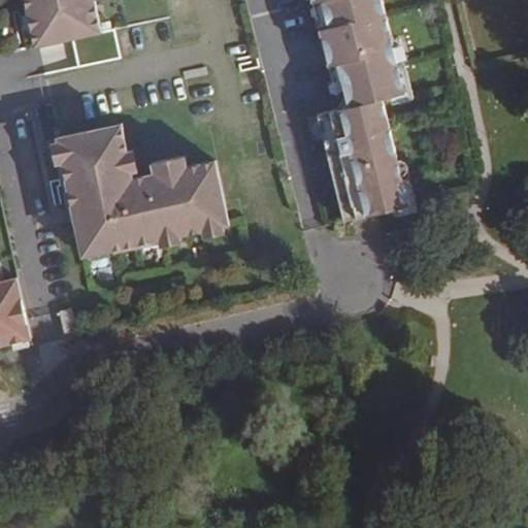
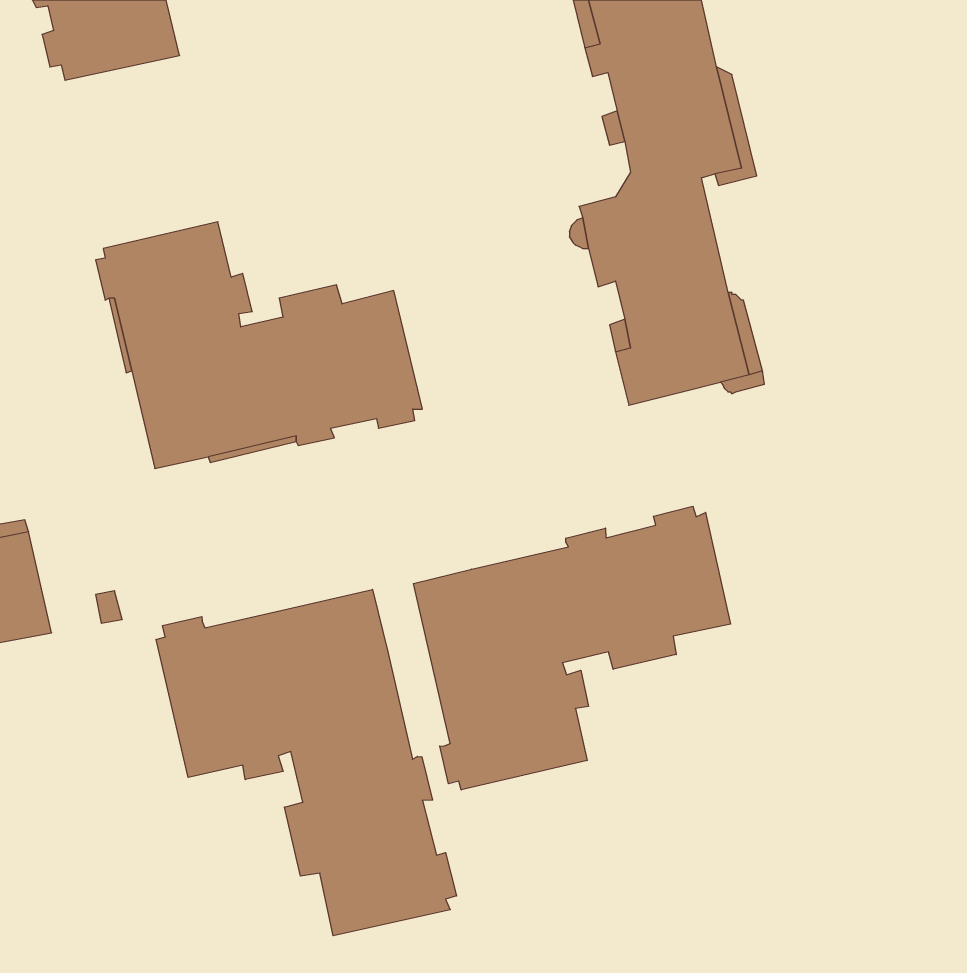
building: none -> [413,506,731,790]
building: none -> [156,589,457,936]

